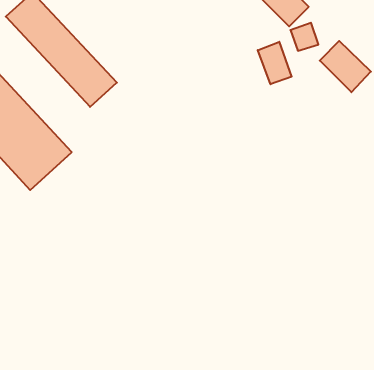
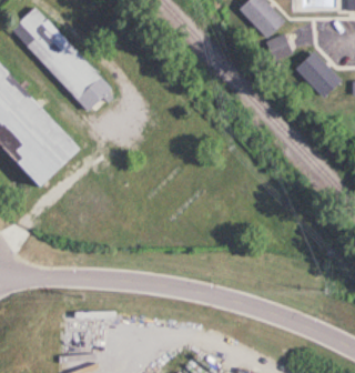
building: [258,42,292,84] -> none

